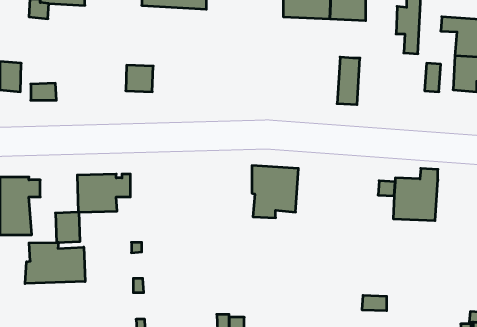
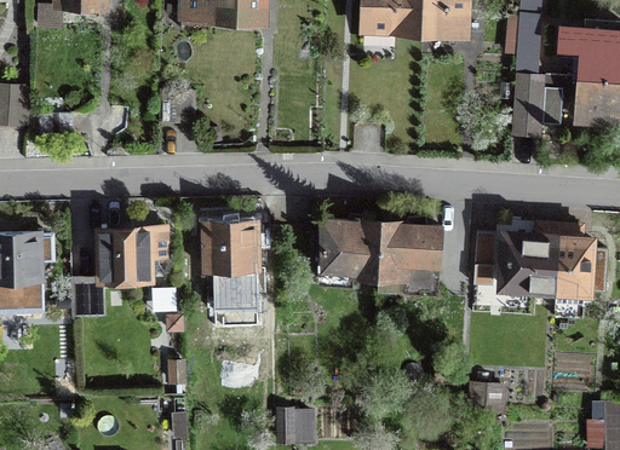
building: [337,57,360,105] -> [513,75,542,135]
building: none -> [378,217,441,294]
building: none -> [206,221,258,308]
building: none -> [555,224,601,305]
building: [25,242,85,284] -> none

